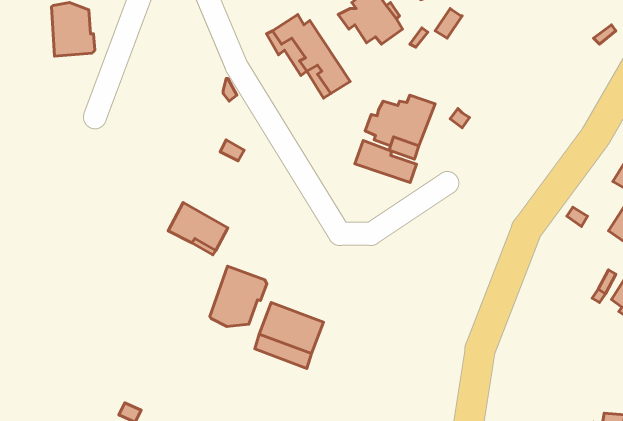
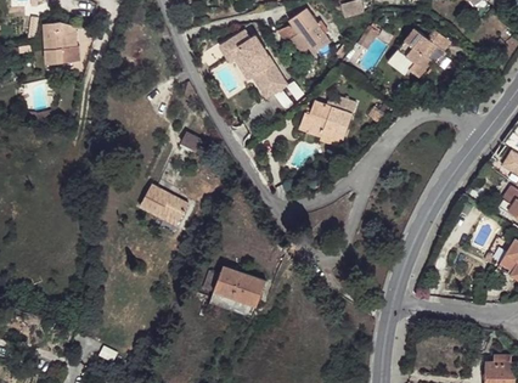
building: none -> [387,26,450,78]
building: [355,141,417,183] -> none
building: [210,266,267,326] -> none

